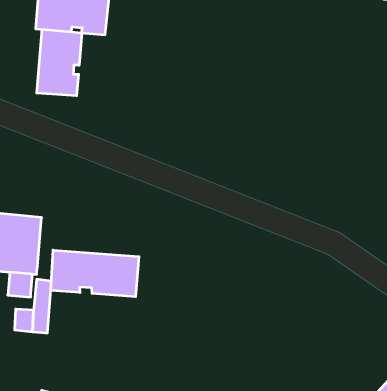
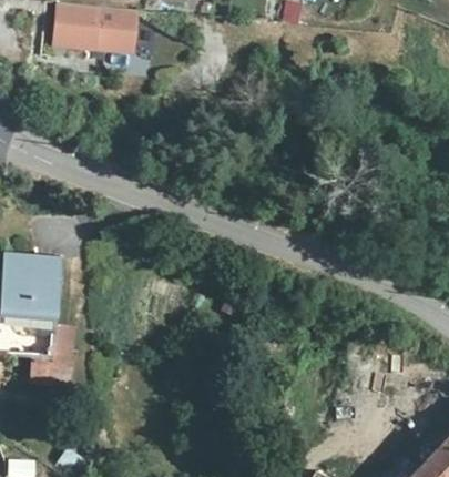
building: [37,29,82,96] -> none
building: [51,250,139,297] -> none

